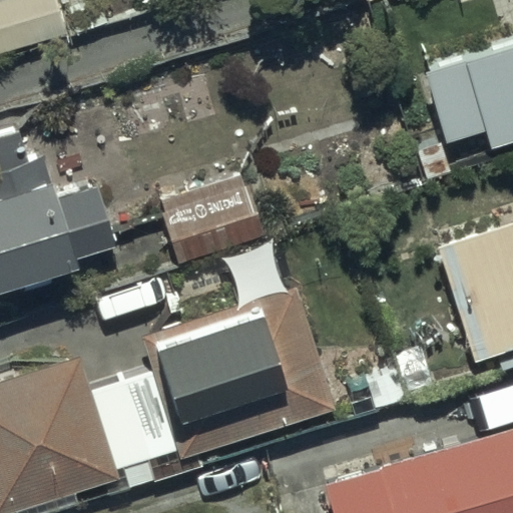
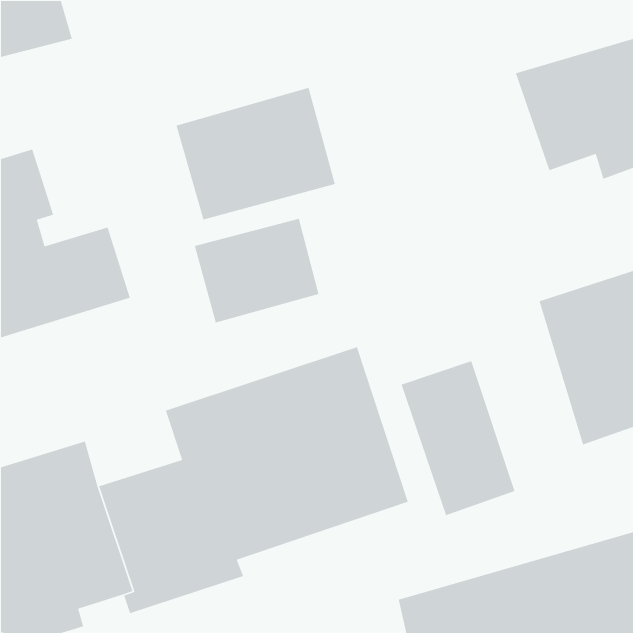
building: none -> [175,87,336,221]
building: none -> [400,360,515,516]

